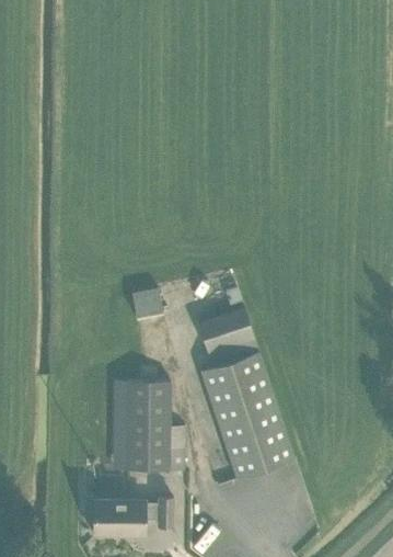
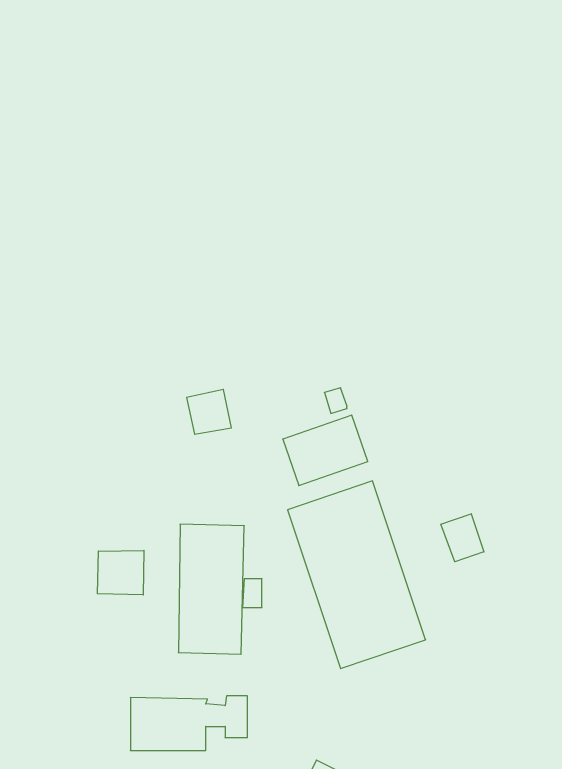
building: none -> [441,514,484,562]
building: none -> [97,550,144,595]

